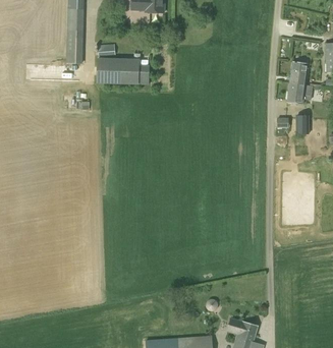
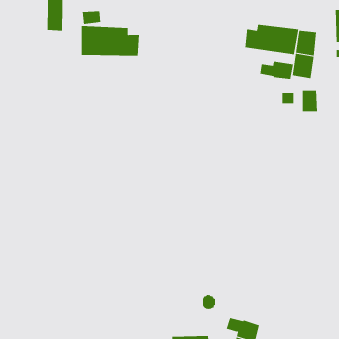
building: none -> [245,24,299,55]
building: none -> [260,61,293,80]

